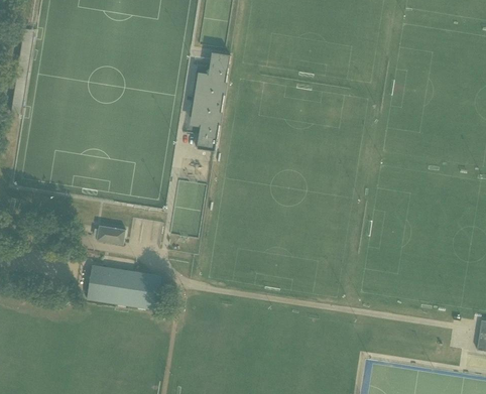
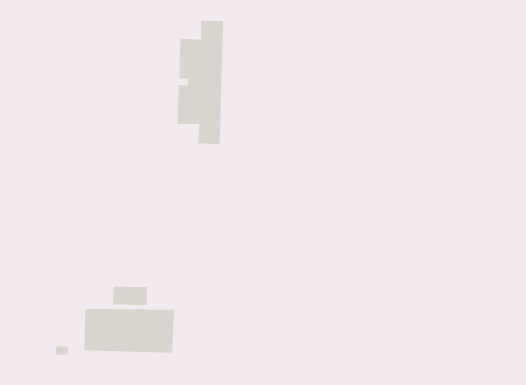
building: [96,225,125,244] -> [113,286,148,306]

